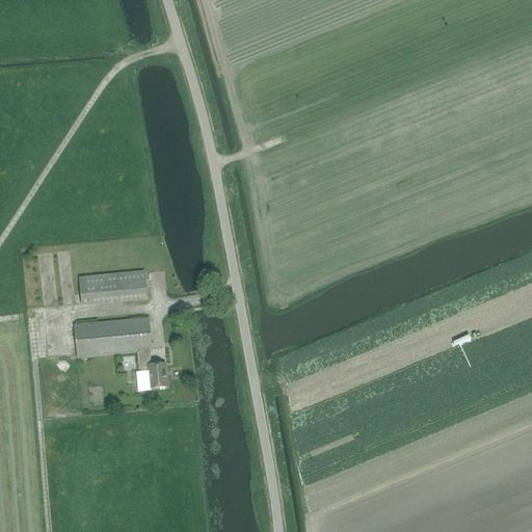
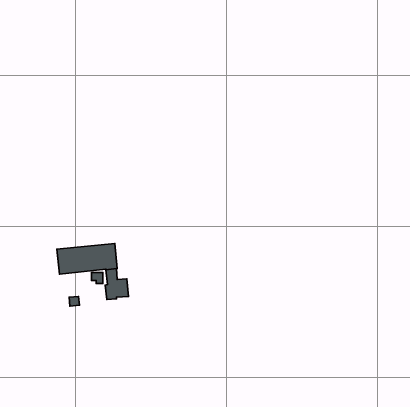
building: [79,269,148,302] -> none

